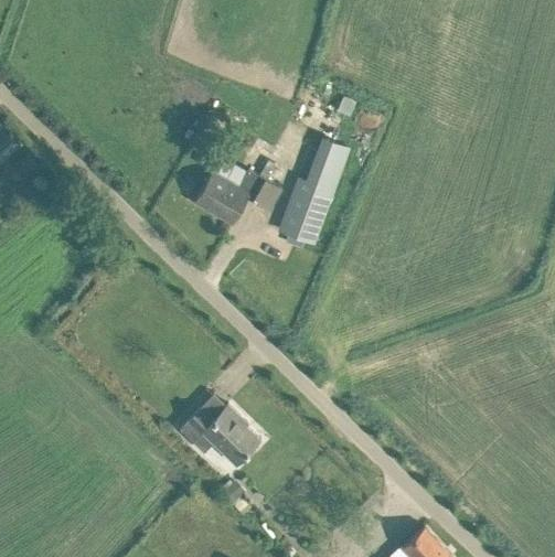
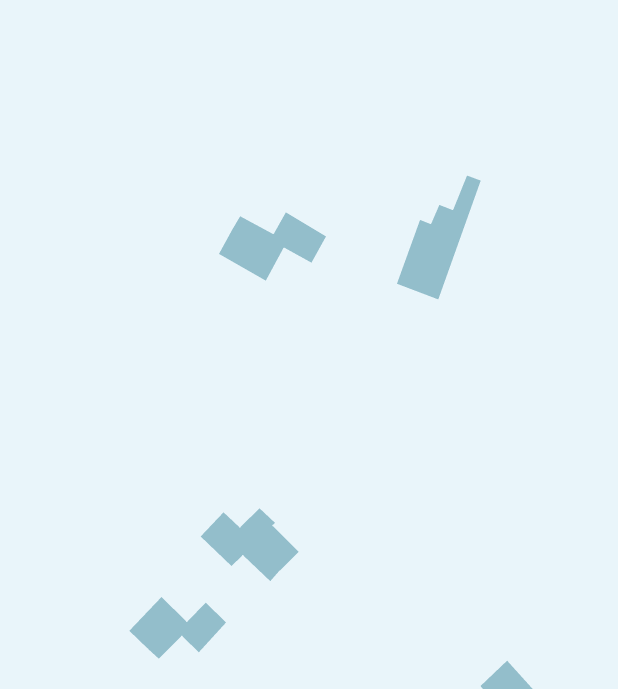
building: [279,142,348,243] -> [396,175,482,301]
building: none -> [129,596,227,660]

